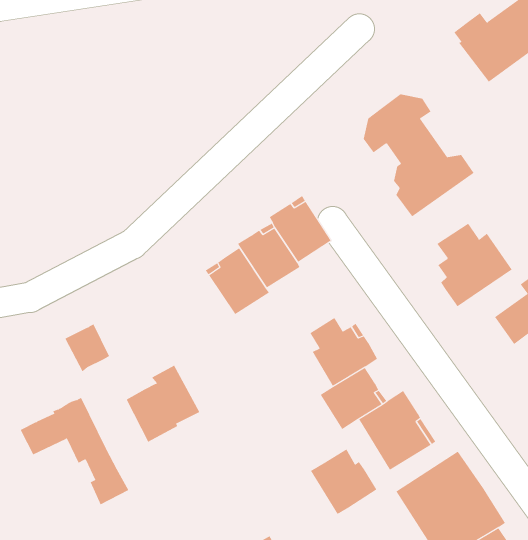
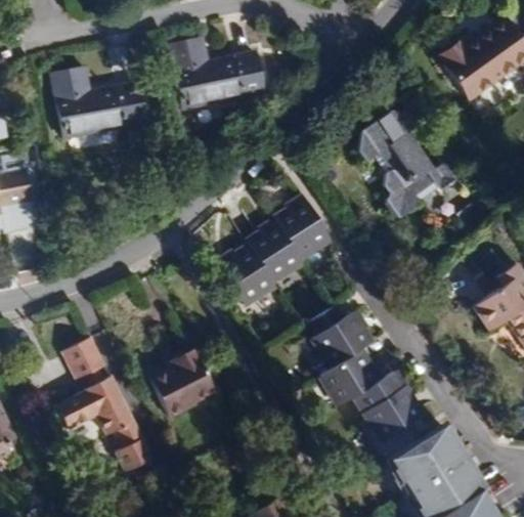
building: none -> [168,37,262,109]
building: none -> [50,67,142,138]
building: [437,223,512,307] -> none
building: [65,324,110,372] -> [66,336,105,379]
building: [310,448,377,515] -> none

